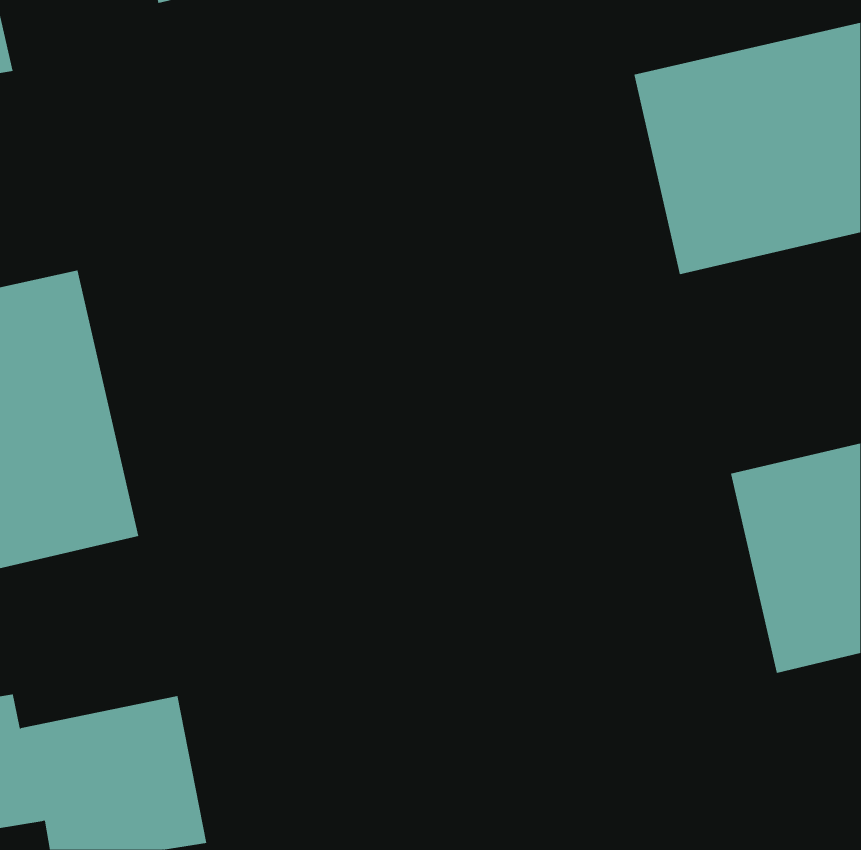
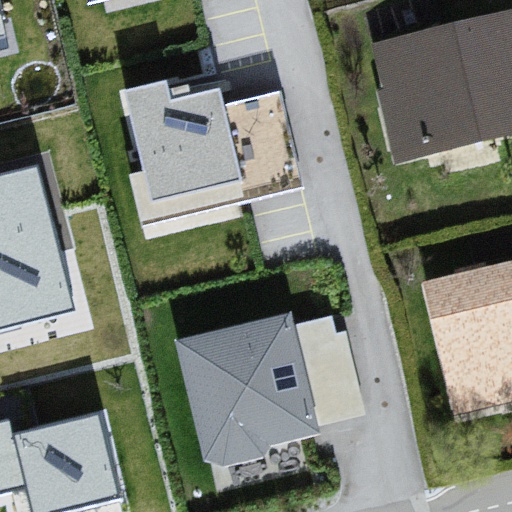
building: none -> [126,81,243,221]
building: none -> [177,313,318,463]

